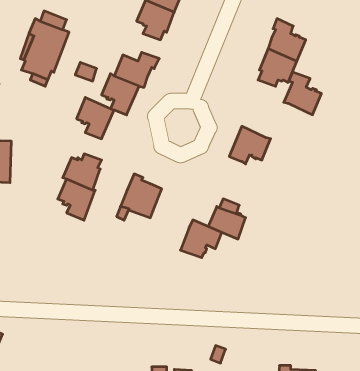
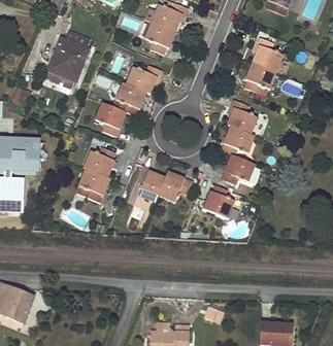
building: [284,72,321,115] -> [227,100,258,135]
building: none -> [222,154,256,184]
building: [180,220,222,258] -> [158,171,192,202]

